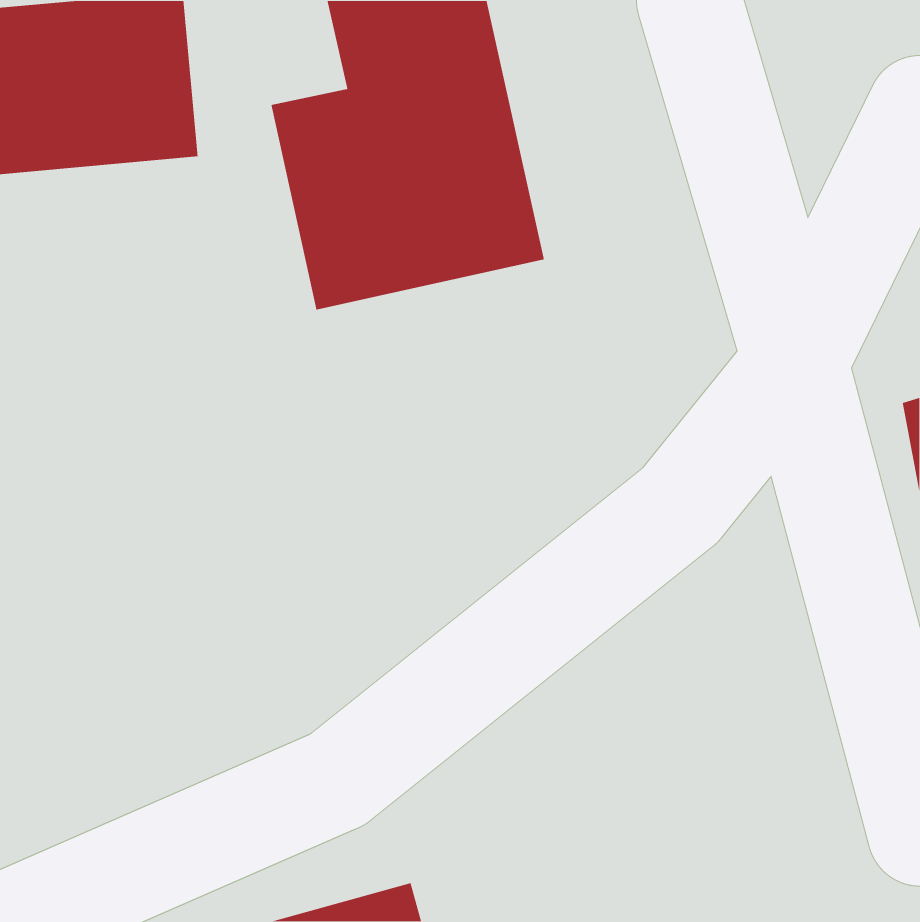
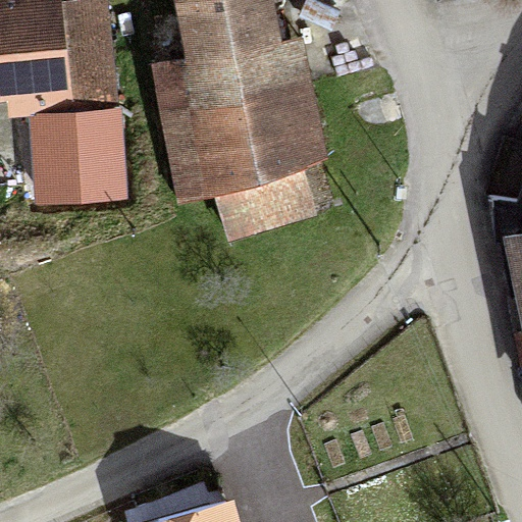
building: none -> [32,110,121,200]
building: none -> [220,147,321,226]

